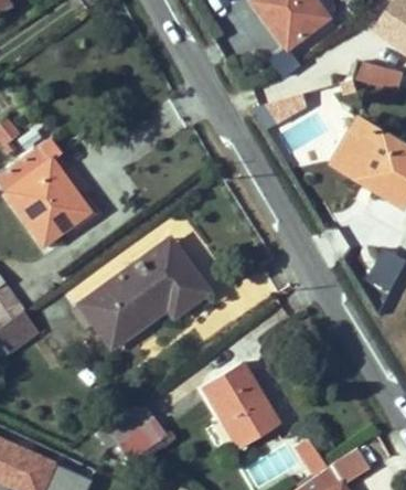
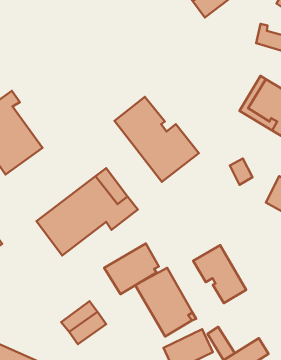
building: none -> [114,97,199,182]
building: none -> [104,244,159,294]
building: none -> [193,245,246,303]

